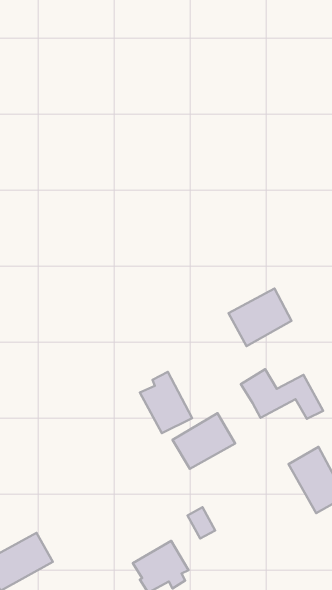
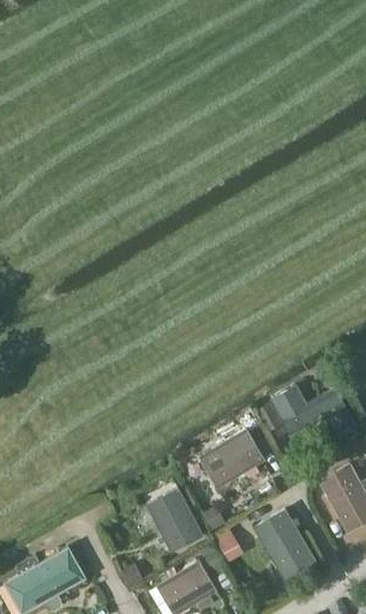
building: [228,289,292,346] -> none
building: [140,372,192,433] -> [149,488,203,552]
building: none -> [254,510,314,578]

